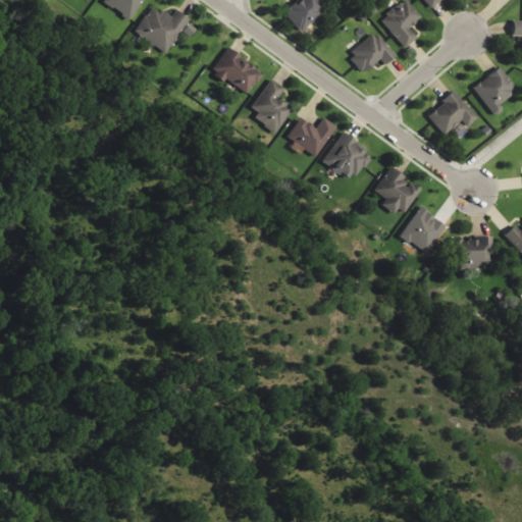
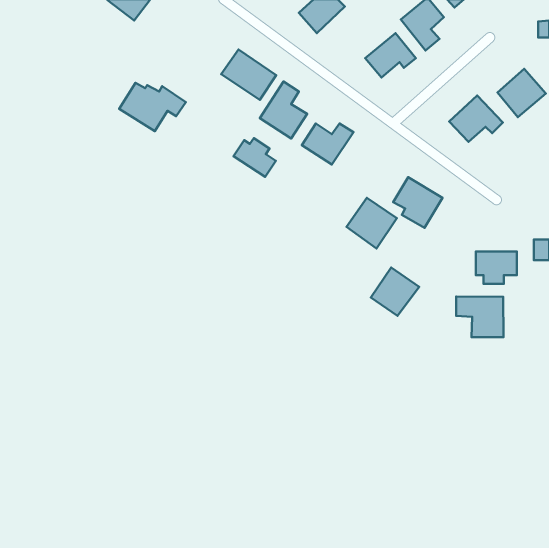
building: [134,7,197,53] -> [119,83,186,131]
building: none -> [234,138,276,177]
building: [322,134,370,181] -> [346,198,397,248]
building: [400,207,446,253] -> [371,267,419,316]
building: none -> [456,297,503,337]

